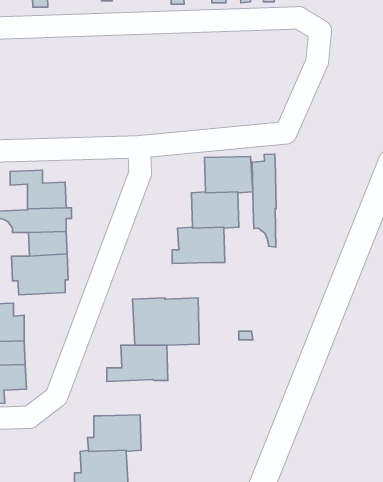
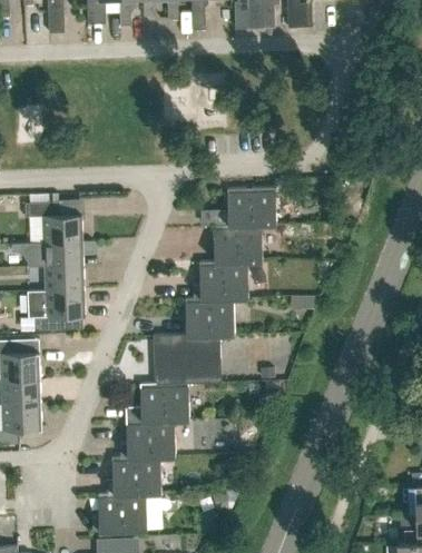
building: [252,154,276,247] -> none
building: none -> [185,297,235,335]
building: none -> [120,418,176,456]

